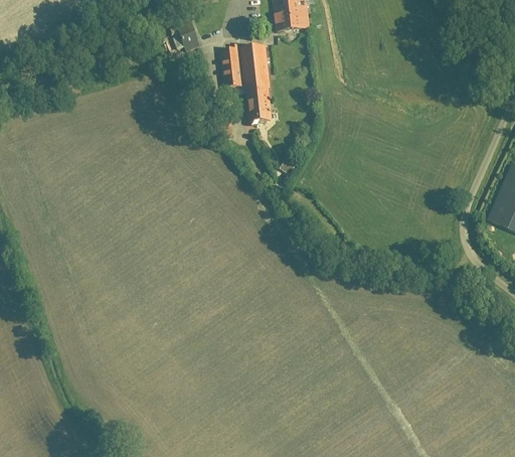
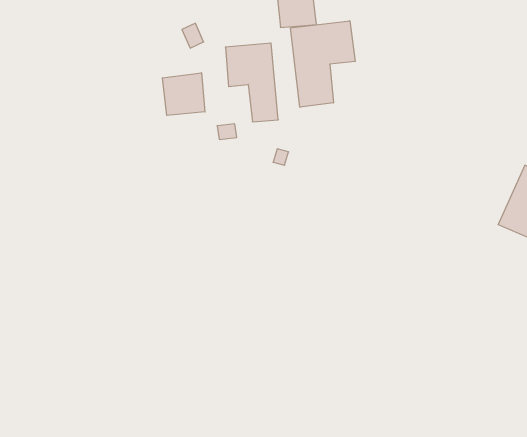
building: none -> [291,21,355,107]
building: none -> [163,73,205,115]

